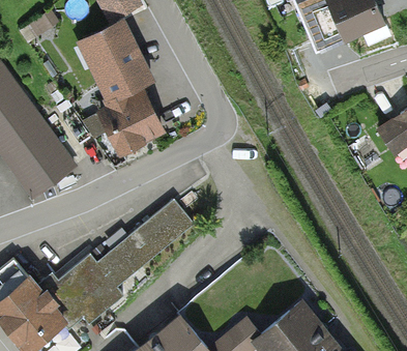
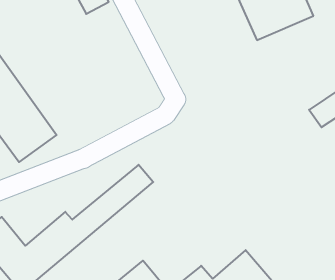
building: [85,25,163,157] -> none

